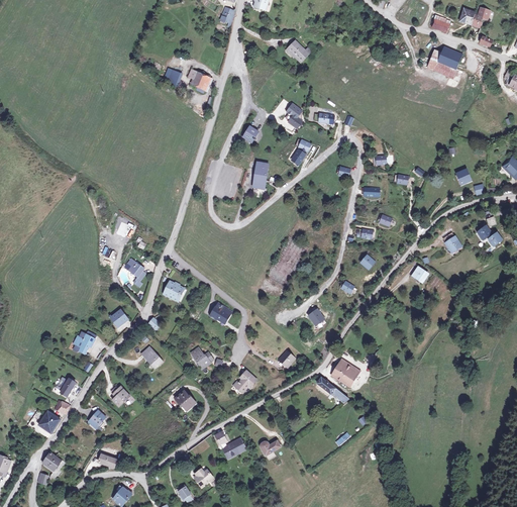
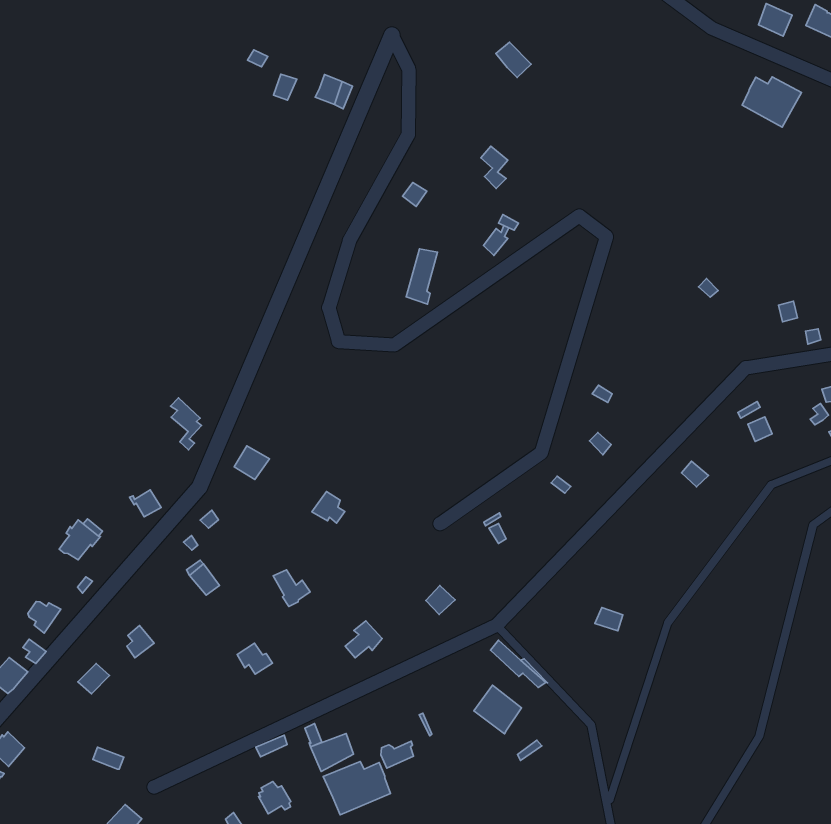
building: [333,360,359,386] -> [474,685,521,734]
building: none -> [323,761,390,815]

